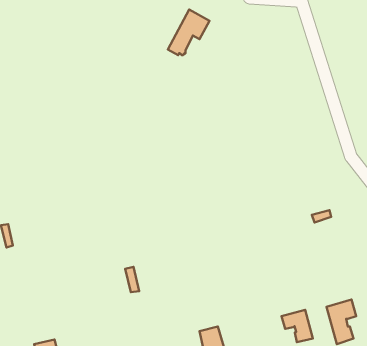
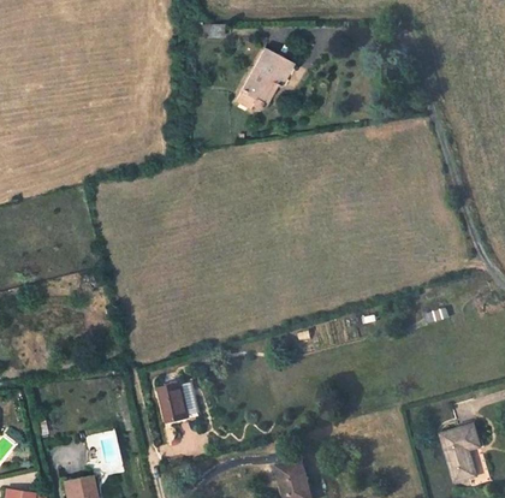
building: none -> [160,384,190,421]
building: [282,310,313,342] -> none

